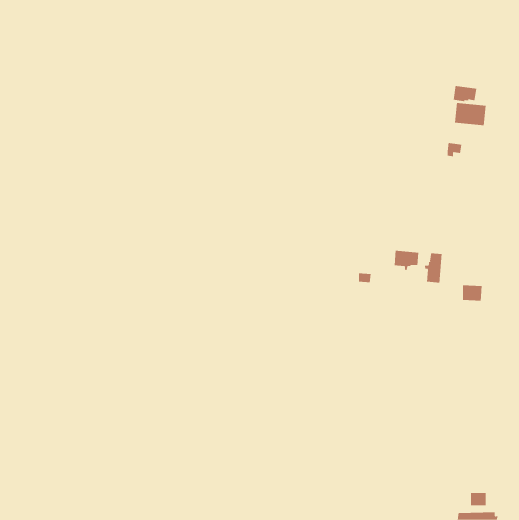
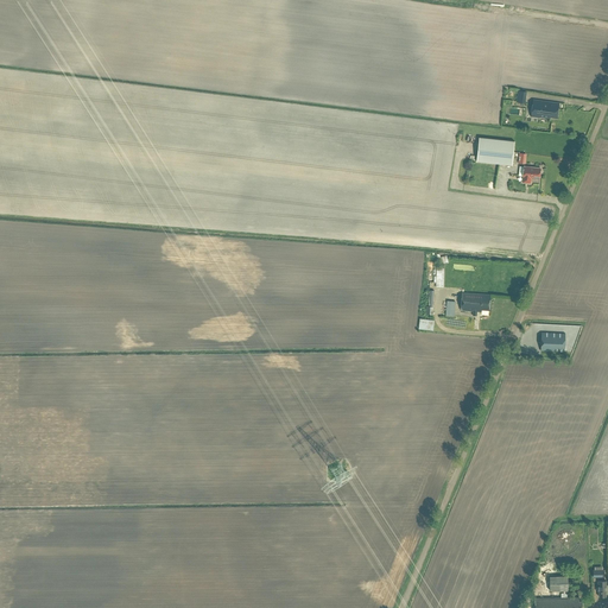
building: [454,103,487,126] -> [475,138,513,165]
building: [425,253,442,284] -> none

